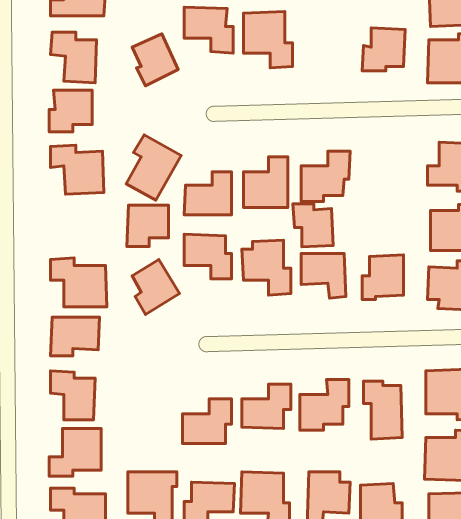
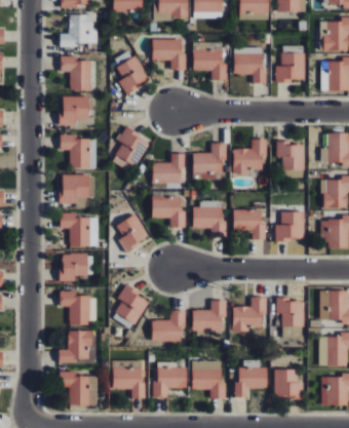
building: none -> [233,47,266,84]
building: [293,204,333,247] -> [276,141,304,170]
building: [127,205,169,247] -> [60,174,88,203]
building: none -> [112,286,149,329]

